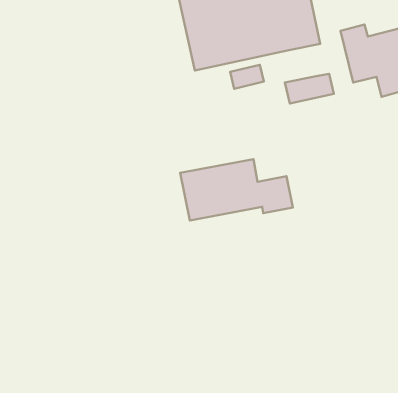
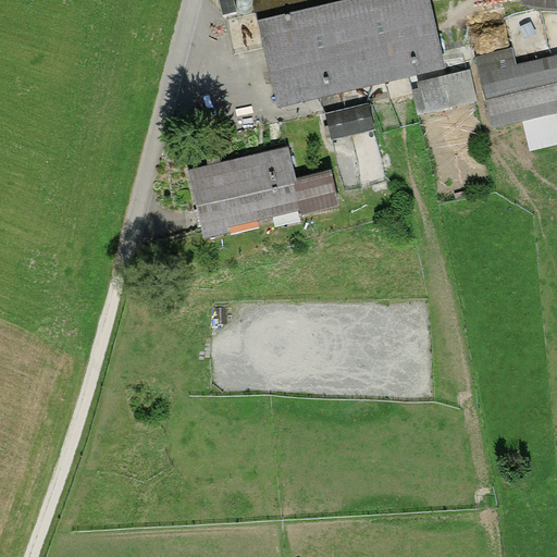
building: [285,74,334,104] -> [406,71,472,111]
building: [180,159,293,220] -> [189,147,342,230]

